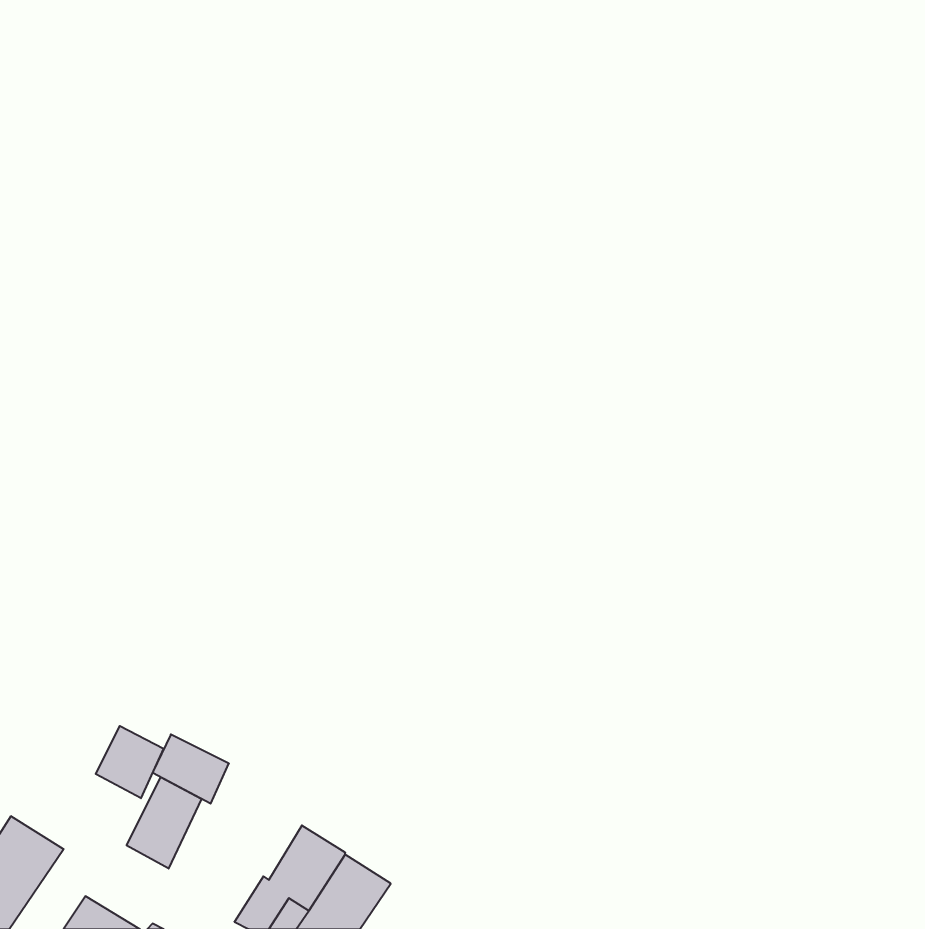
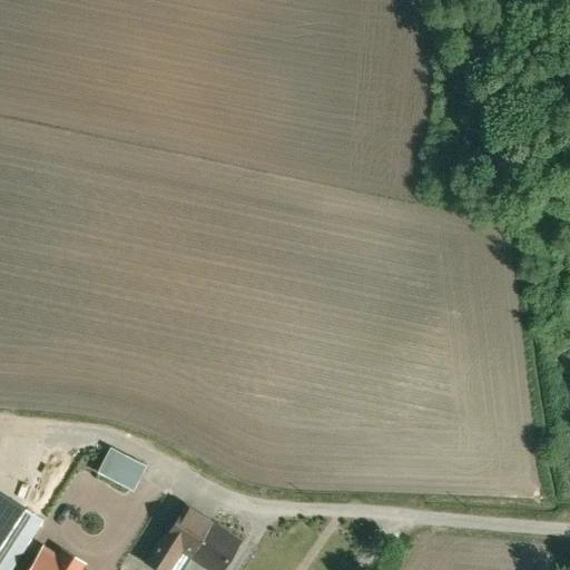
building: [96,726,164,798] -> none
building: [127,777,202,869] -> none

